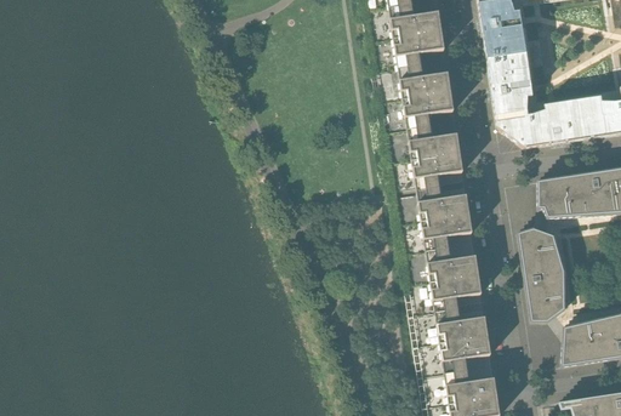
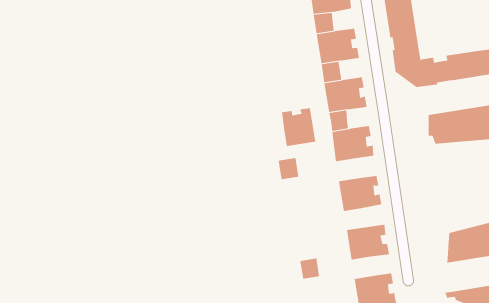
building: none -> [282,107,316,147]
building: [519,228,565,320] -> none
building: [425,234,451,262] -> [278,157,299,180]
building: [434,296,461,323] -> none
building: [444,357,469,383] -> [299,258,320,279]

